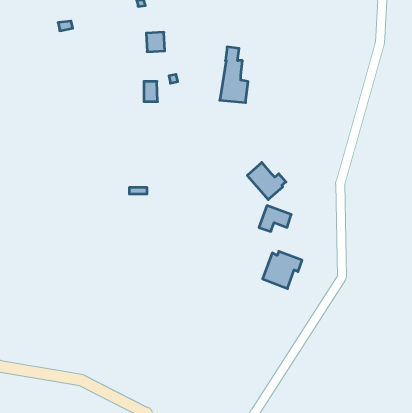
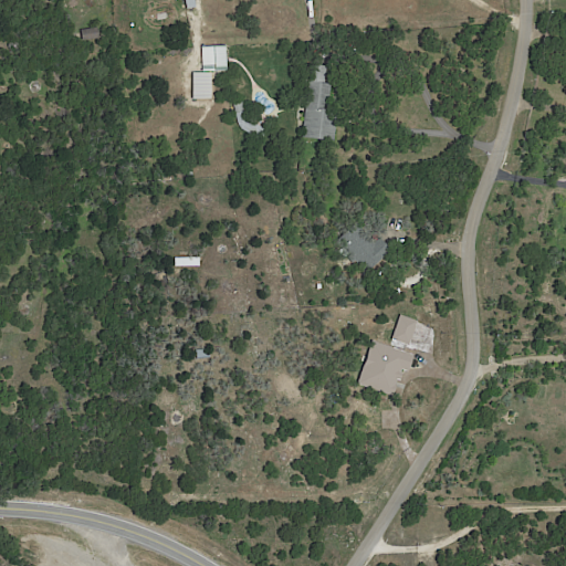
building: [144,81,158,102] -> [190,71,209,98]
building: [259,206,291,231] -> [389,314,433,349]

